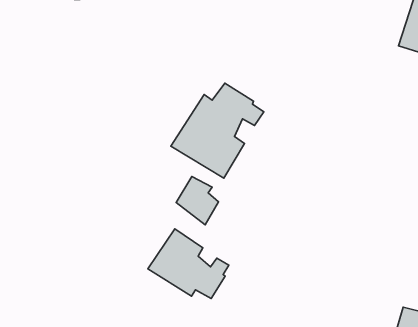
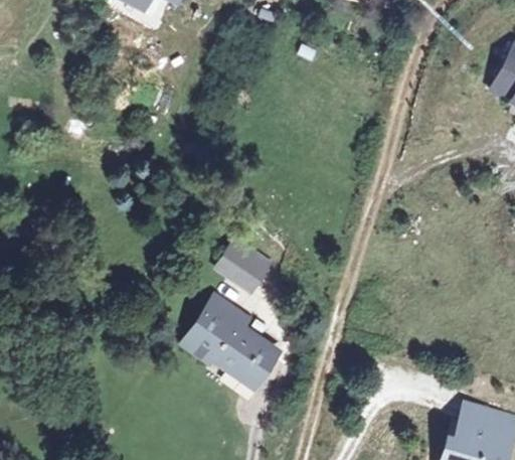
building: [171,83,264,178] -> none

